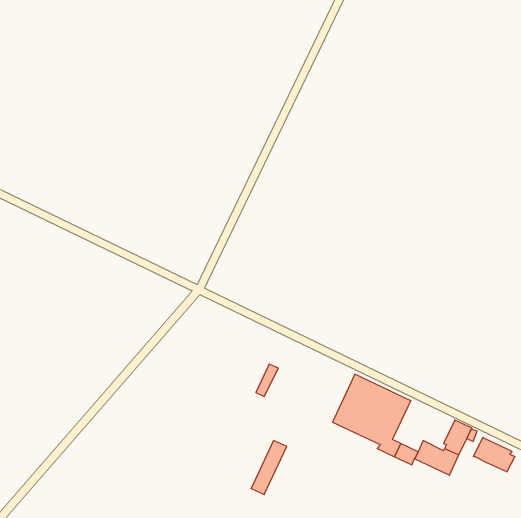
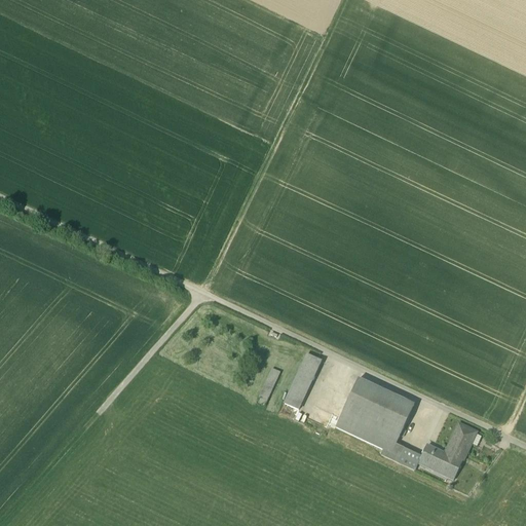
building: [474,437,515,472] -> none
building: [251,441,287,495] -> [285,353,321,408]

